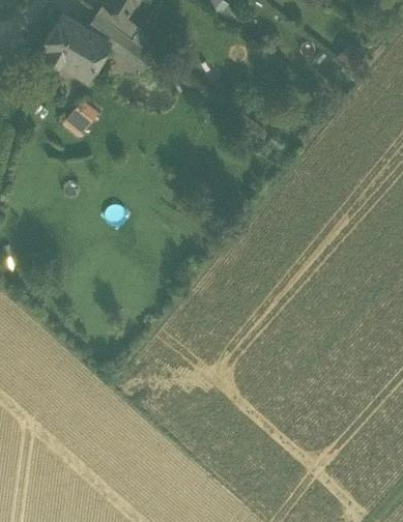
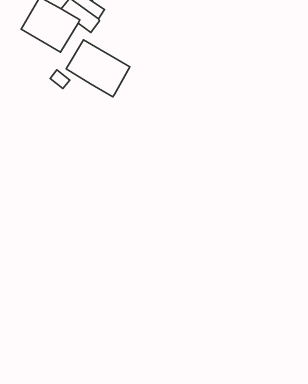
building: none -> [66,40,130,97]

